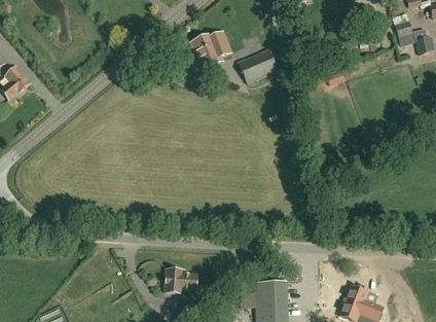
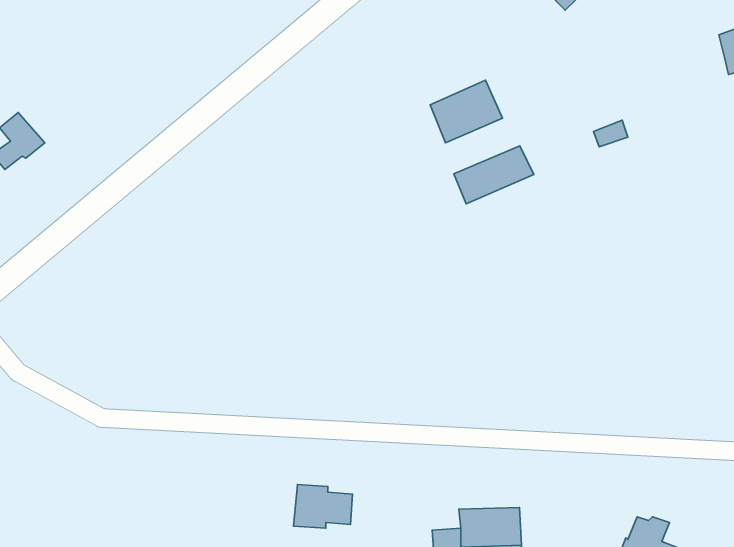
building: [190,31,230,68] -> none
building: none -> [454,146,534,204]

